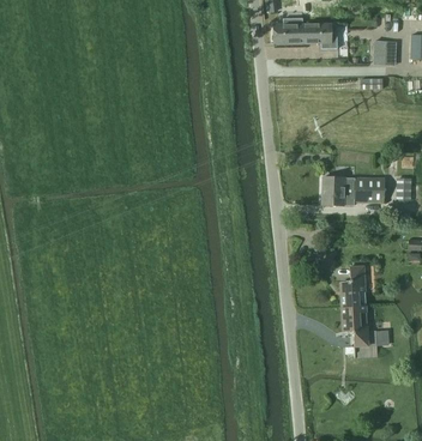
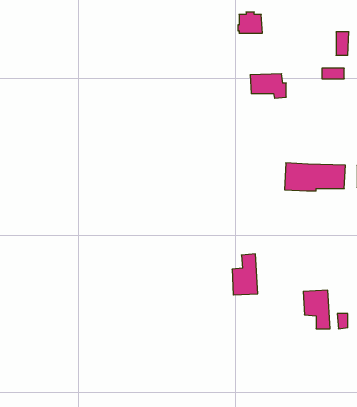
building: [299,23,336,48] -> [250,74,286,98]
building: [340,266,367,308] -> [232,254,258,295]

